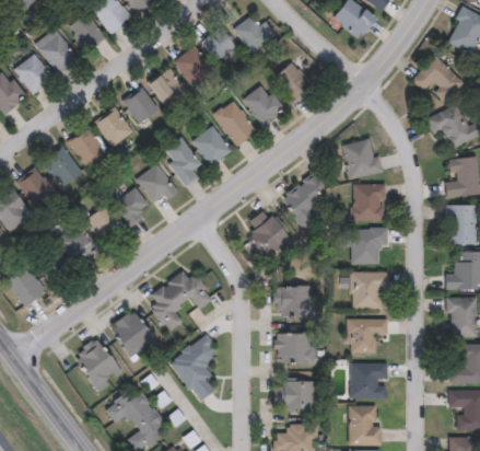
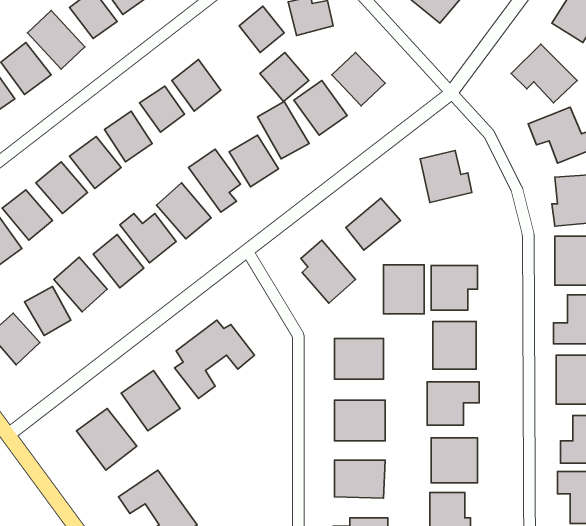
building: [174,45,212,83] -> [260,52,309,102]
building: [352,183,384,221] -> [383,265,424,314]
building: [169,335,219,401] -> none

